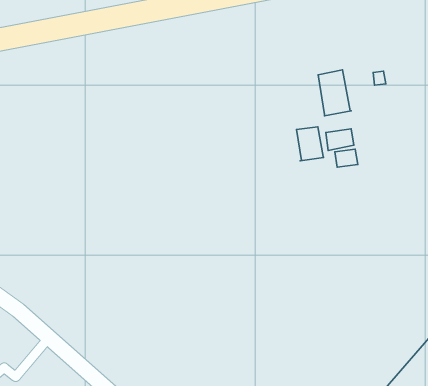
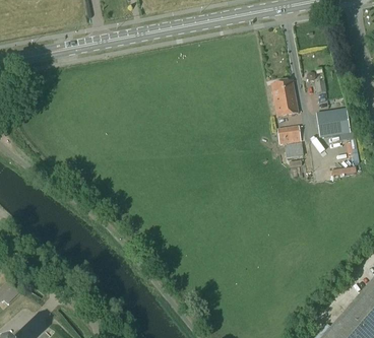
building: none -> [317,108,350,137]
building: [297,127,323,161] -> none

